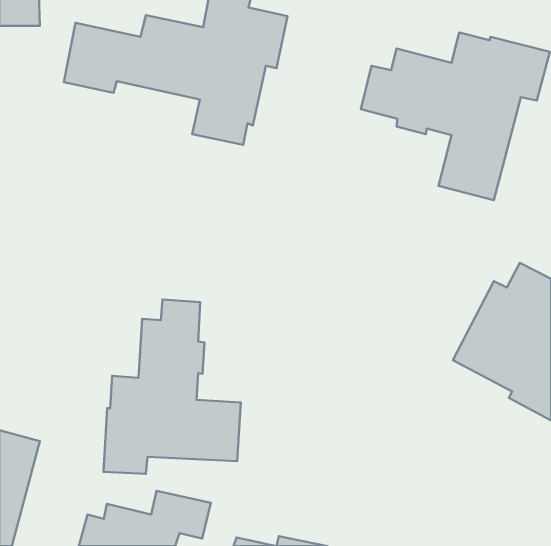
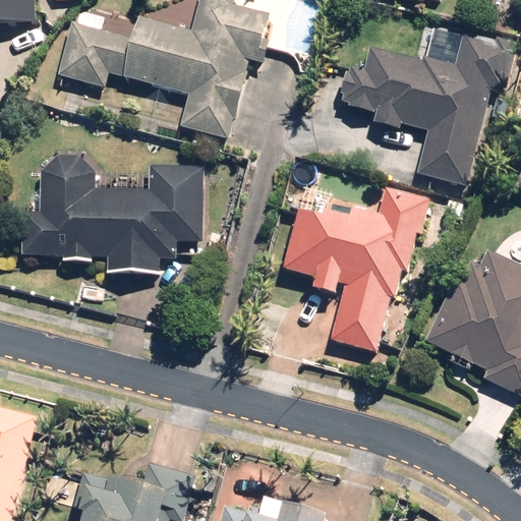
building: none -> [22,155,207,274]
building: none -> [282,186,430,351]
building: [103,300,241,474] -> none

